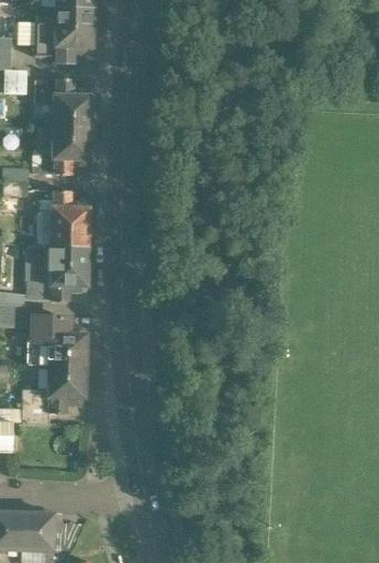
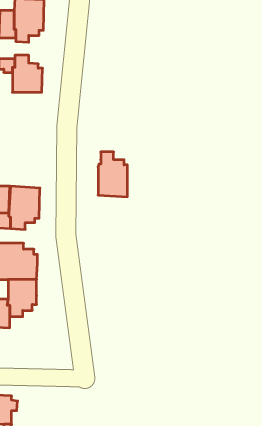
building: [53,125,91,173] -> none
building: [52,190,89,247] -> [98,152,127,197]

